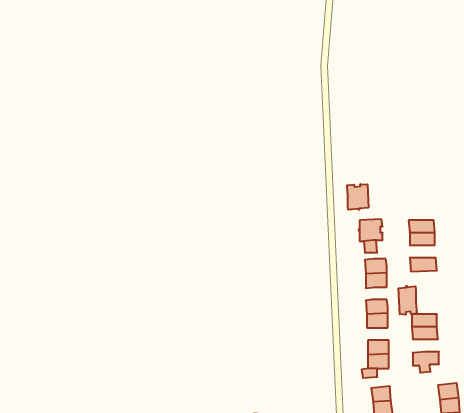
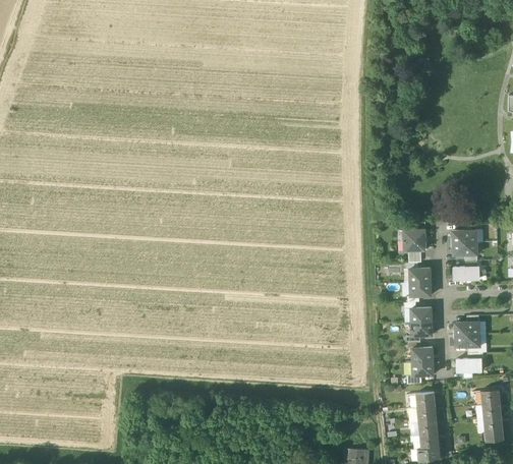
building: [347,184,368,210] -> none
building: [398,286,417,315] -> none

